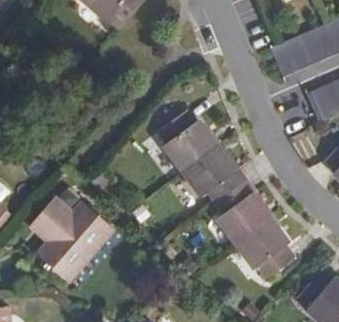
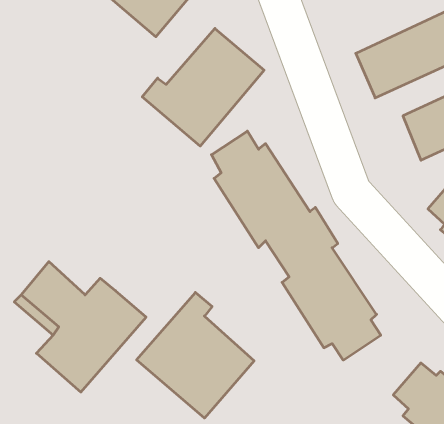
building: none -> [142,28,264,146]
building: none -> [137,292,254,418]

